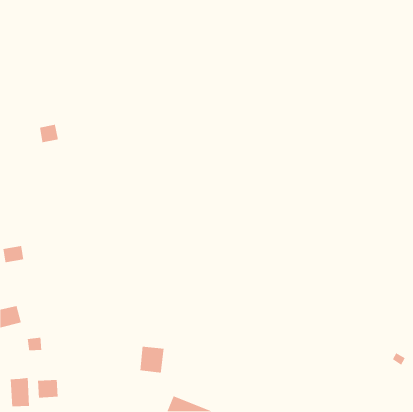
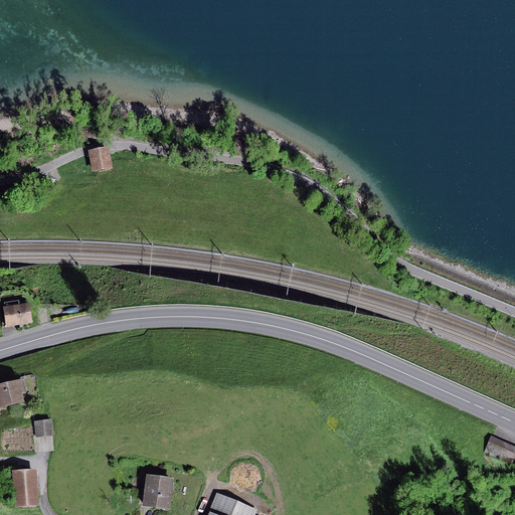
building: [39,124,59,143] -> [88,148,112,172]
building: [139,346,165,373] -> [143,474,174,508]
building: [37,379,59,398] -> none

